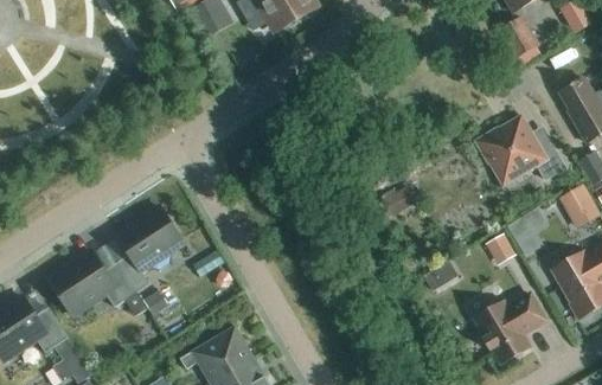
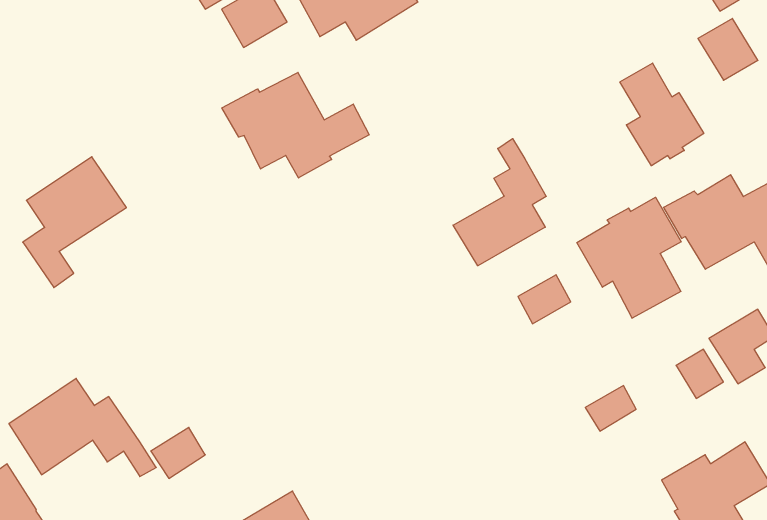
building: none -> [620,63,704,166]
building: none -> [222,72,369,178]
building: none -> [453,139,546,266]
building: none -> [577,197,681,318]
building: [115,208,182,294] -> [23,157,126,288]

